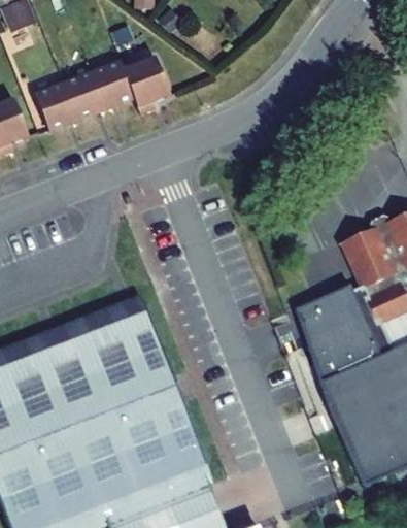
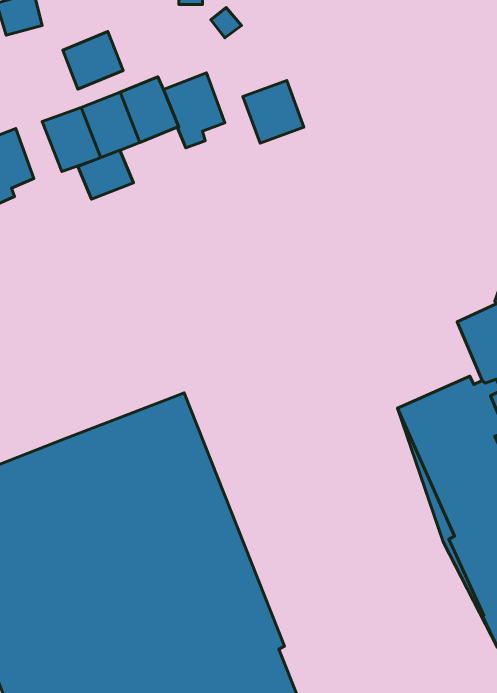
building: none -> [63,32,123,89]
building: none -> [243,80,304,143]
building: none -> [78,150,134,199]

